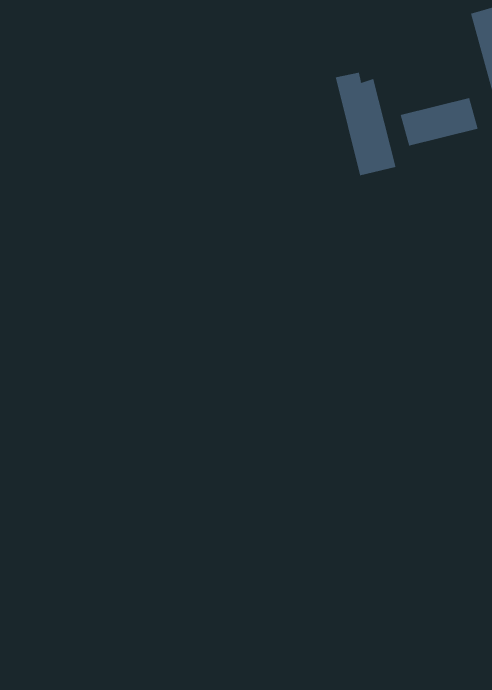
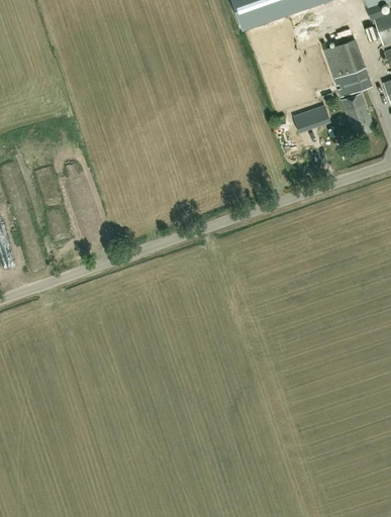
building: [335,72,396,176] -> none

